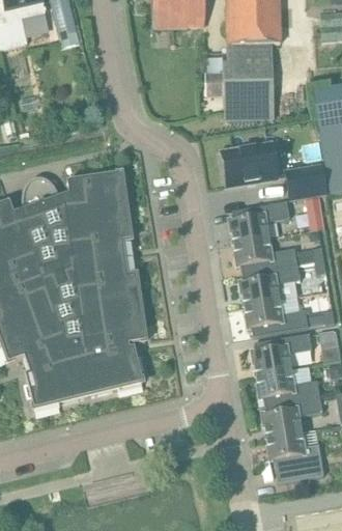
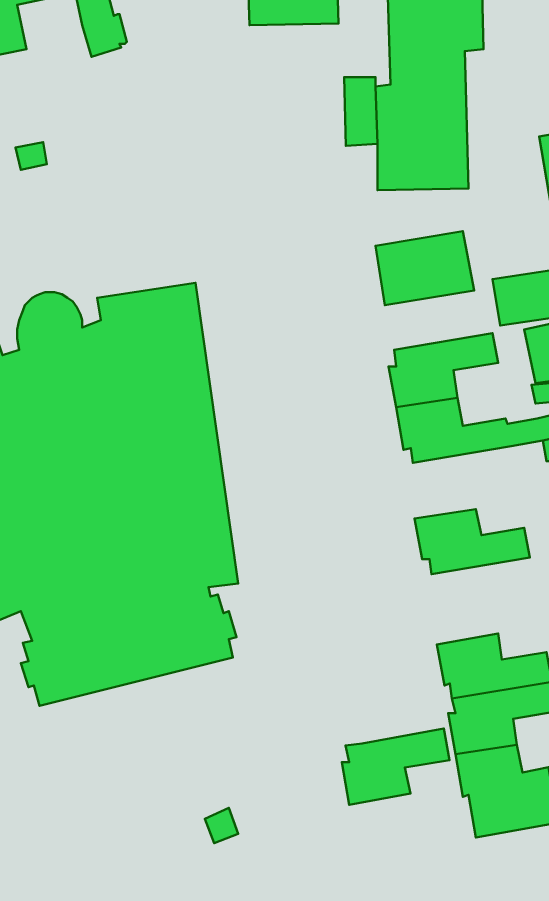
building: [240,263,301,304] -> none
building: [252,332,312,374] -> [342,729,449,805]

